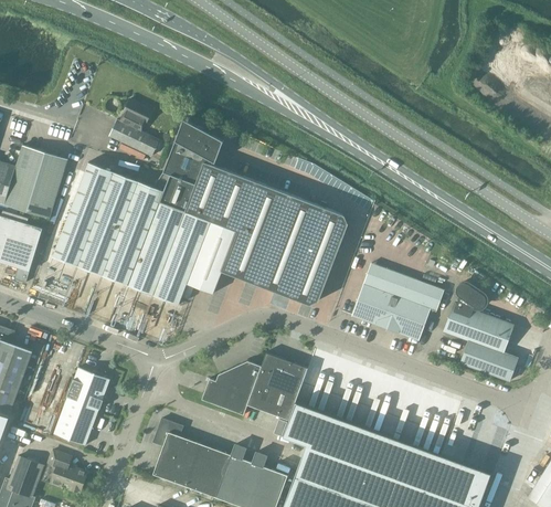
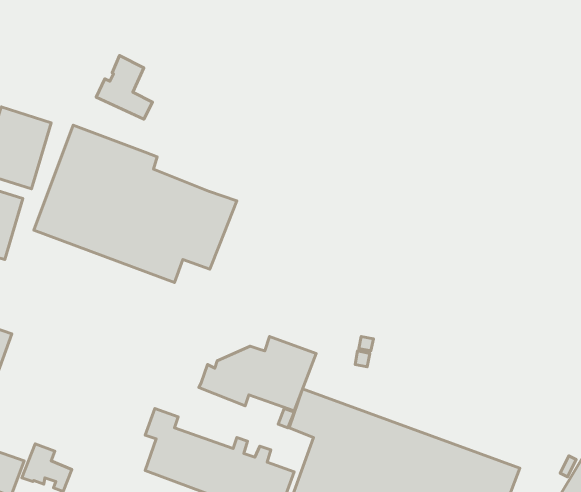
building: [152,119,347,306] -> none
building: [351,264,444,341] -> none
building: [443,284,518,382] -> none
building: [54,368,109,445] -> none

